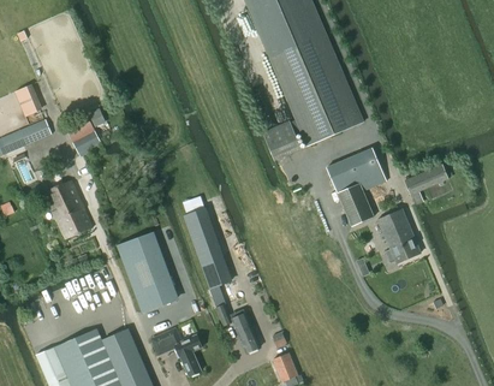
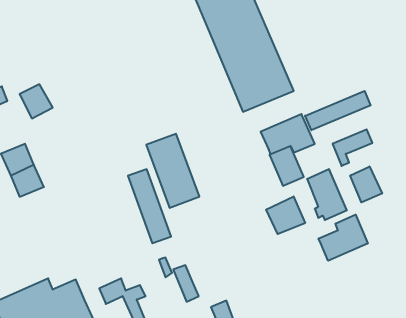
building: none -> [305,91,371,130]
building: none -> [350,166,382,202]
building: [117,232,174,313] -> [146,134,199,208]
building: none -> [266,196,305,234]
building: none -> [319,215,368,261]

